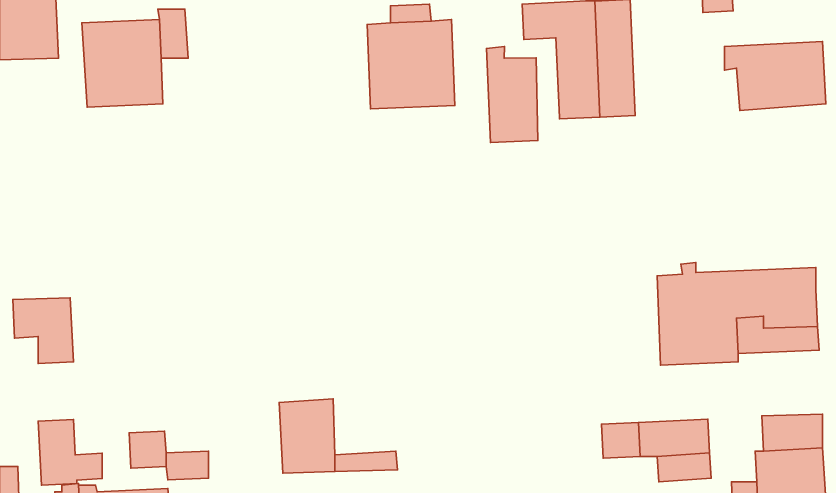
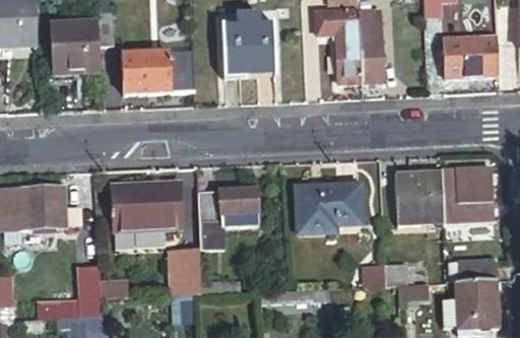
building: [487,47,538,142] -> none
building: none -> [122,51,194,92]
building: none -> [112,182,182,231]
building: none -> [298,187,364,235]
building: none -> [199,191,264,250]
building: [38,419,102,485] -> [43,188,81,227]

